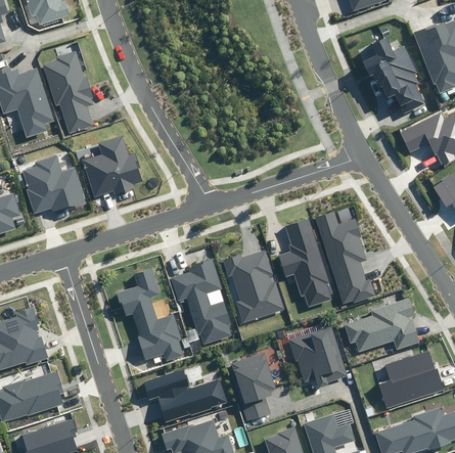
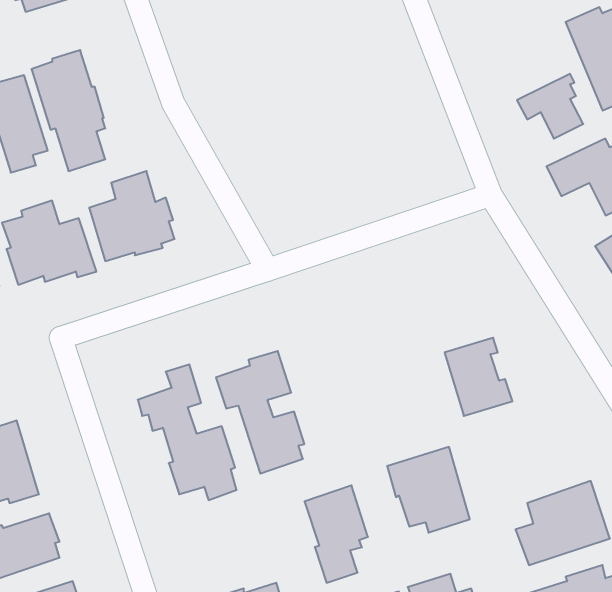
building: [363,38,415,86] -> none
building: [315,213,362,261] -> none
building: [278,219,330,307] -> none
building: [222,251,283,322] -> none
building: [343,298,418,353] -> none
building: [142,370,225,422] -> none

